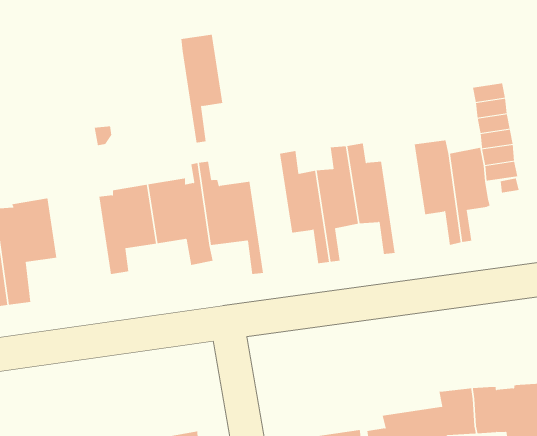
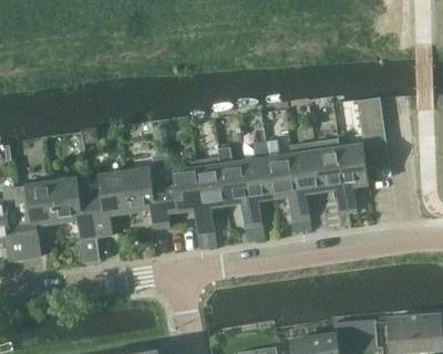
building: [180,34,223,143] -> [195,156,226,235]
building: none -> [290,142,322,220]
building: none -> [50,177,99,263]

